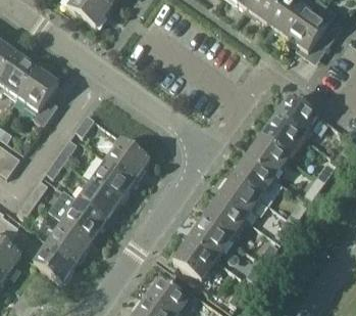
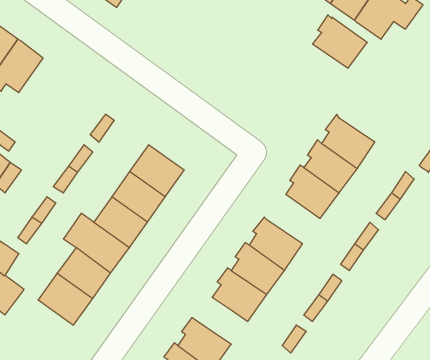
building: [18,67,59,124] -> none
building: [275,92,319,135] -> [313,15,367,68]
building: [217,175,260,217] -> none

